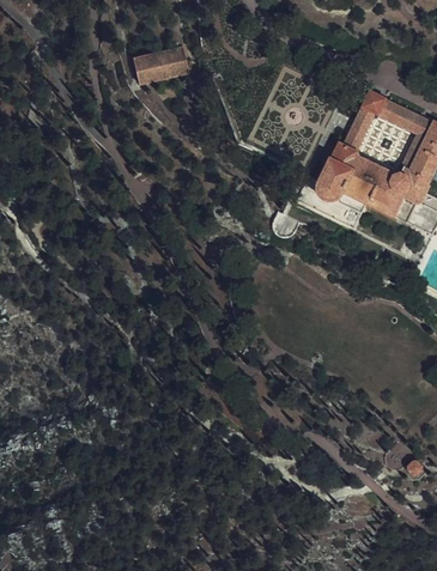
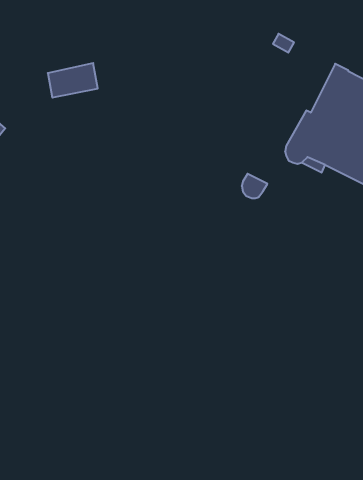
building: [132,41,186,78] -> [48,63,98,98]

